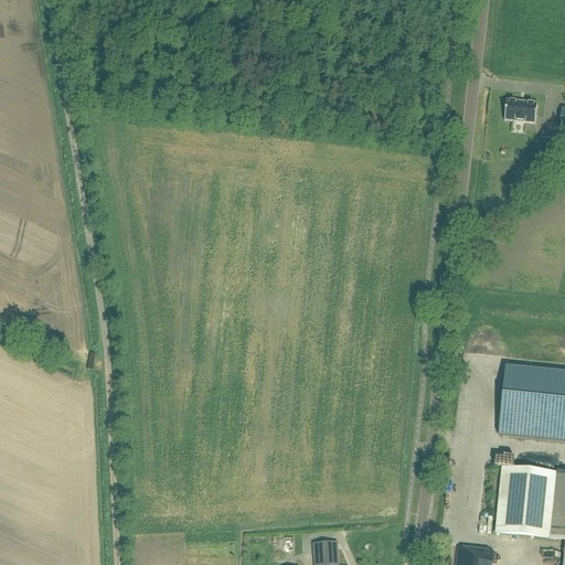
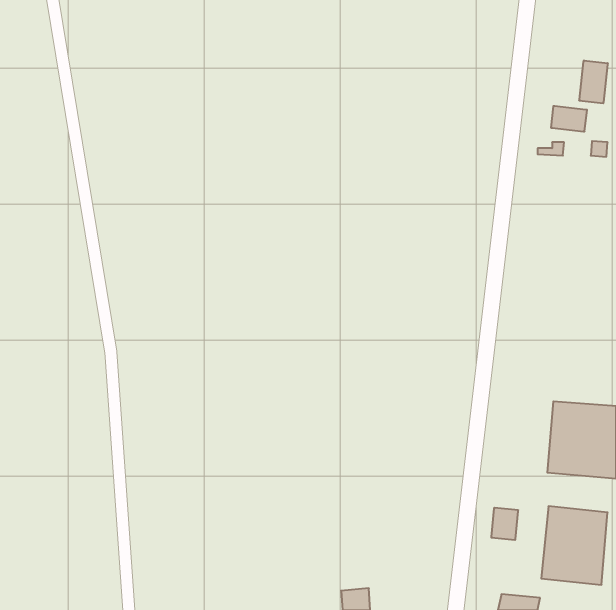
building: none -> [579,60,608,103]
building: none -> [491,508,518,540]

